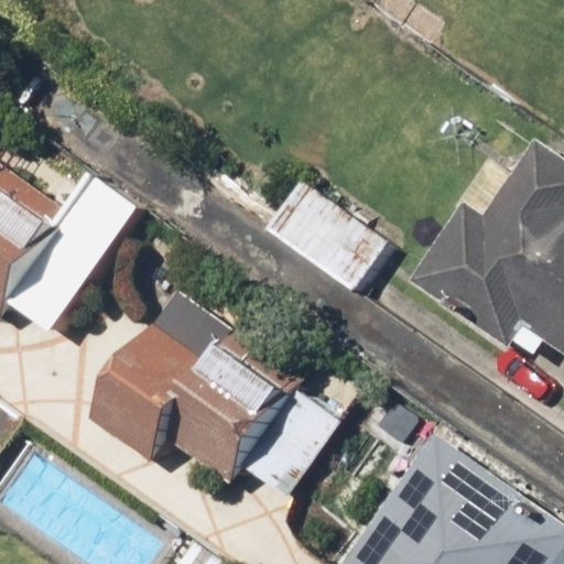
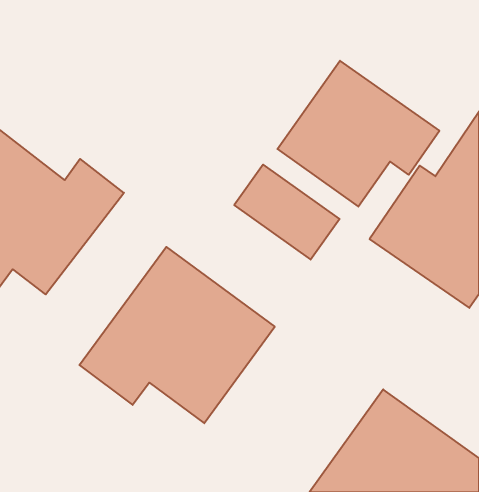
building: none -> [277,61,439,207]

